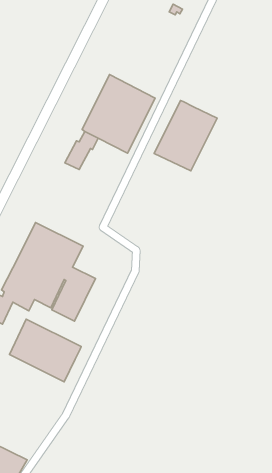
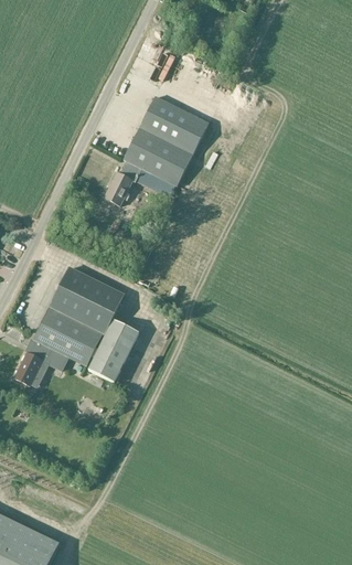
building: [154,101,217,171] -> none
building: [10,319,81,382] -> none

